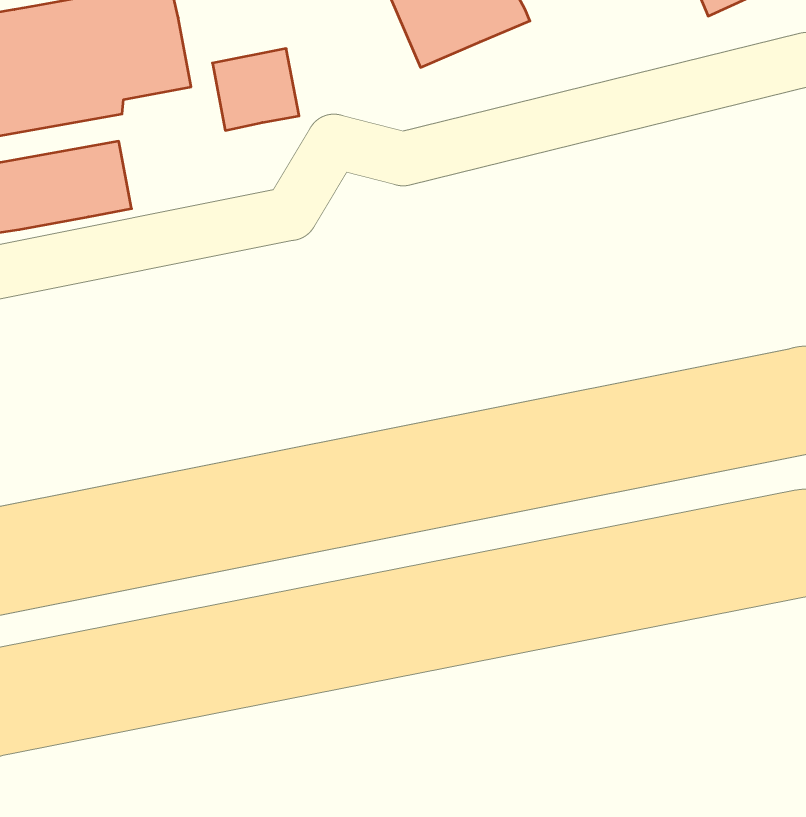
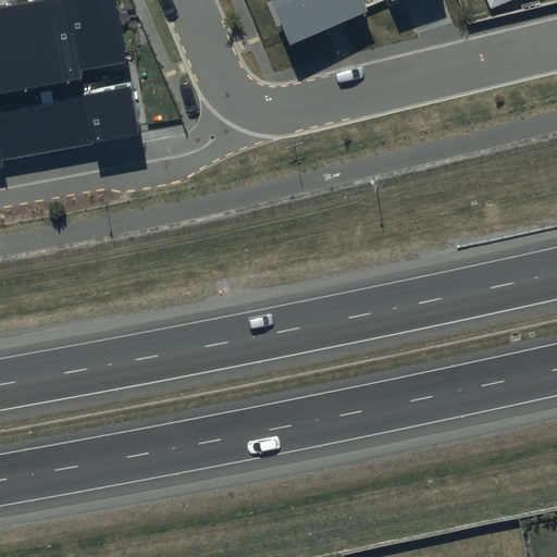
building: [212,49,299,130] -> [81,86,139,141]

